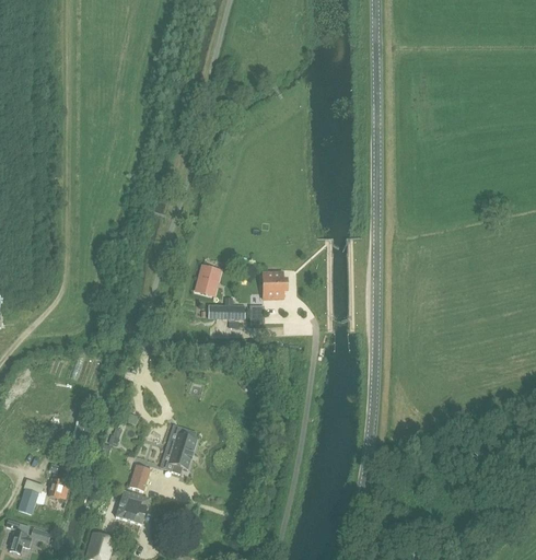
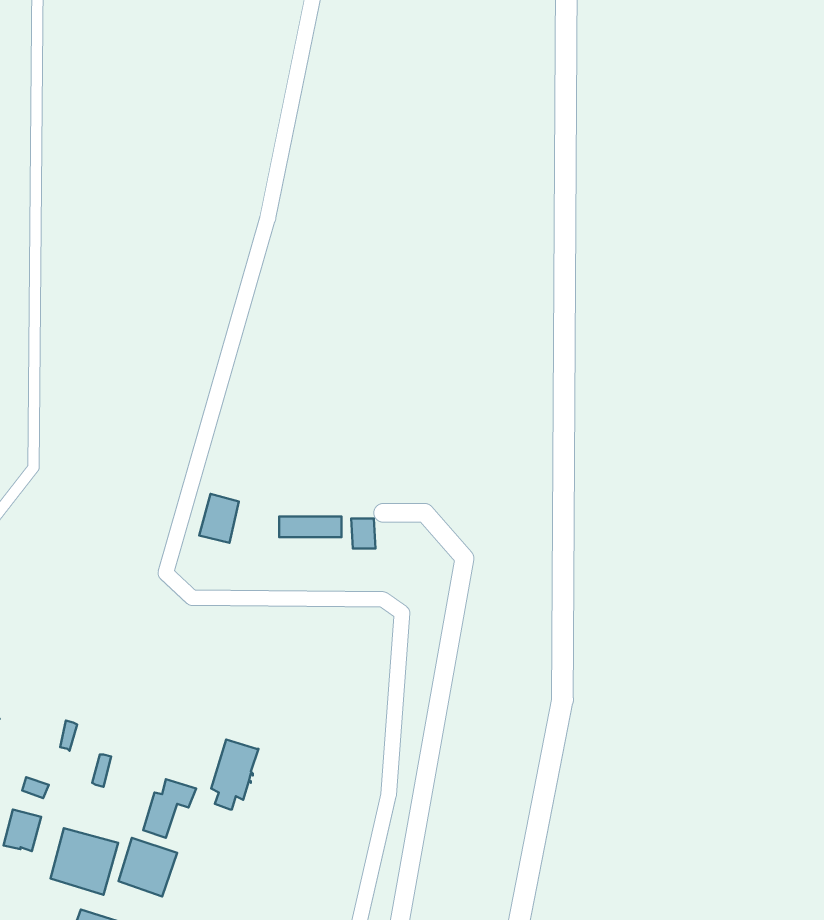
building: [196,267,219,295] -> [199,494,239,543]
building: [261,271,287,299] -> none
building: none -> [50,828,118,895]

